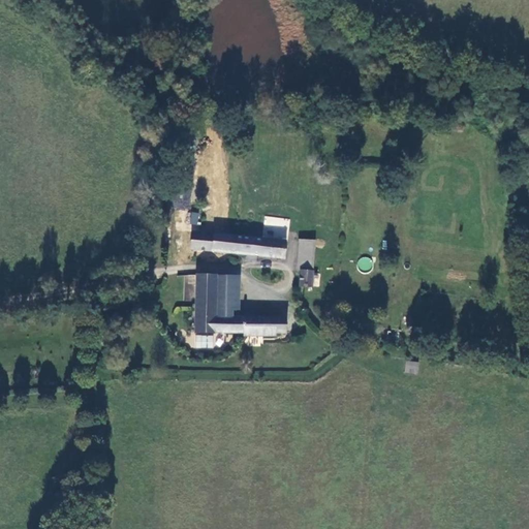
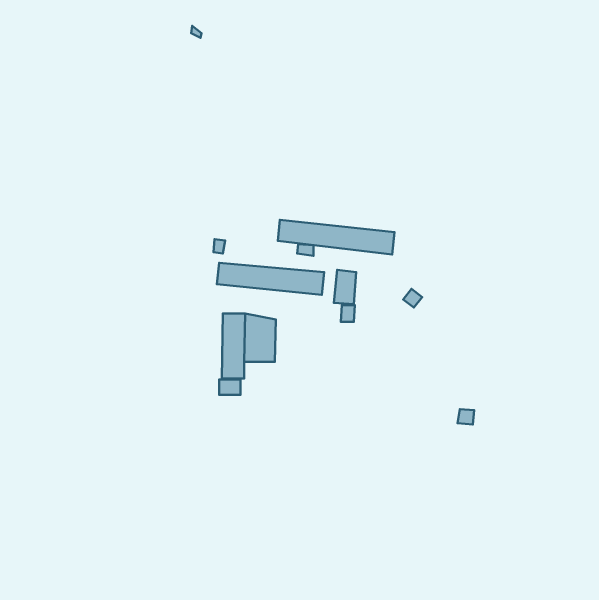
building: none -> [278,220,394,254]
building: [214,317,284,337] -> none

